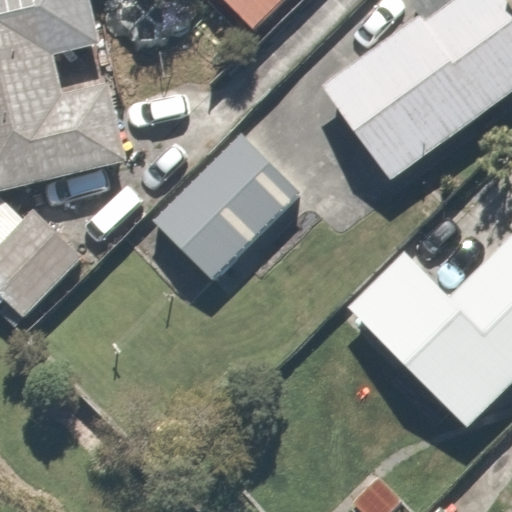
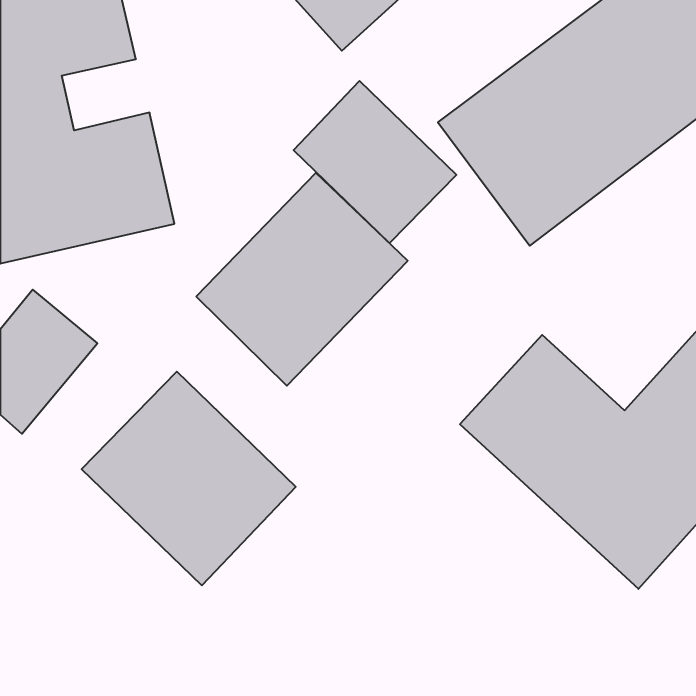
building: none -> [294,81,456,243]
building: none -> [82,372,296,585]

